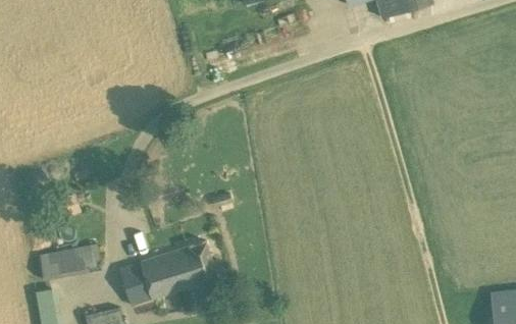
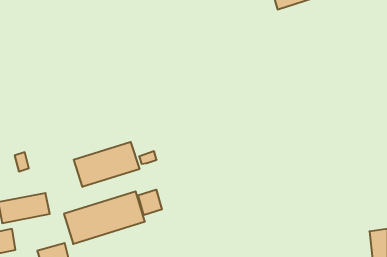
building: none -> [74,142,139,187]
building: none -> [138,190,162,215]

